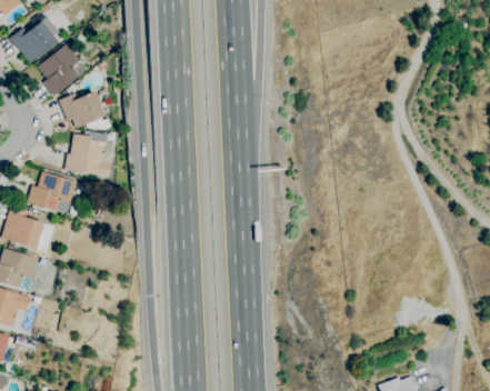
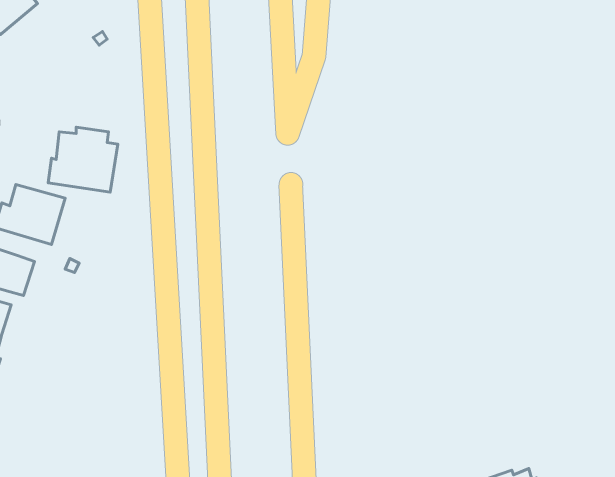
building: [38,43,80,96] -> none
building: [59,90,112,129] -> none

